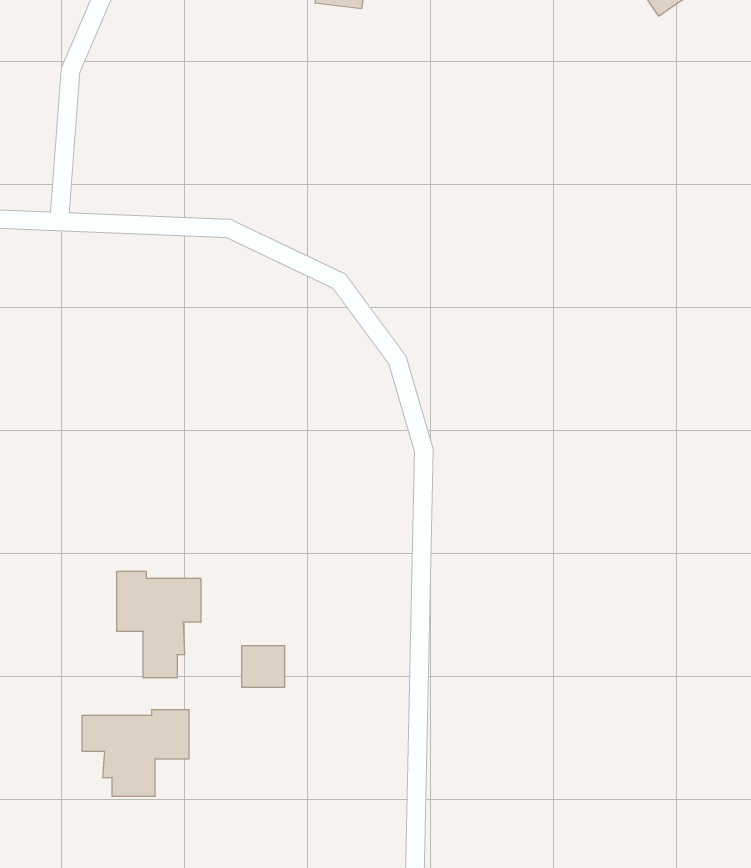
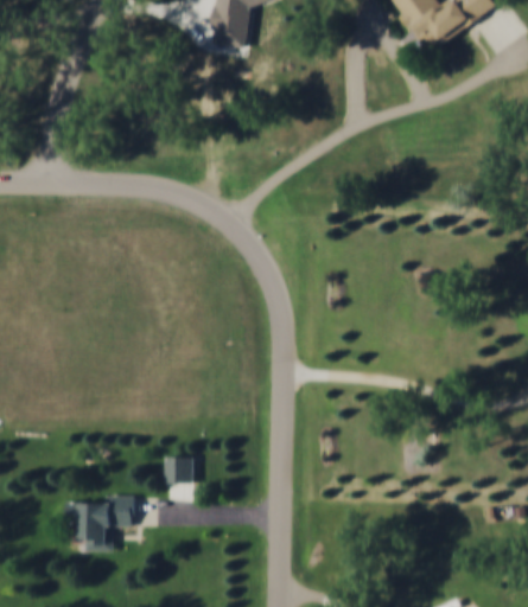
building: [117,571,201,678] -> none

